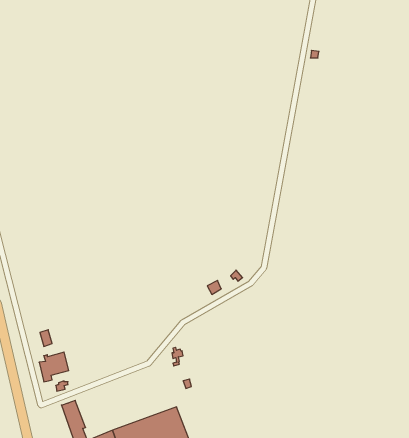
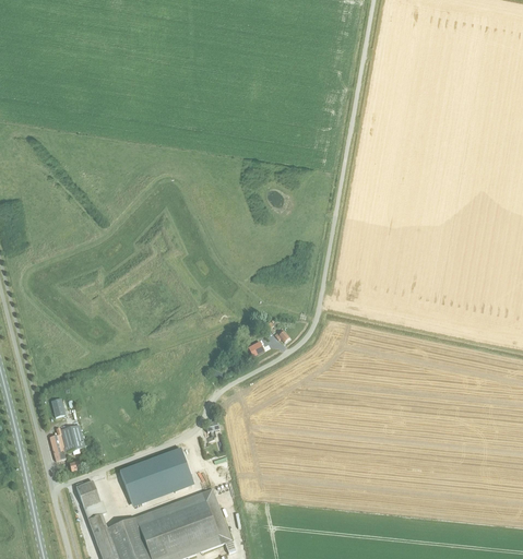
building: none -> [119,449,192,502]

